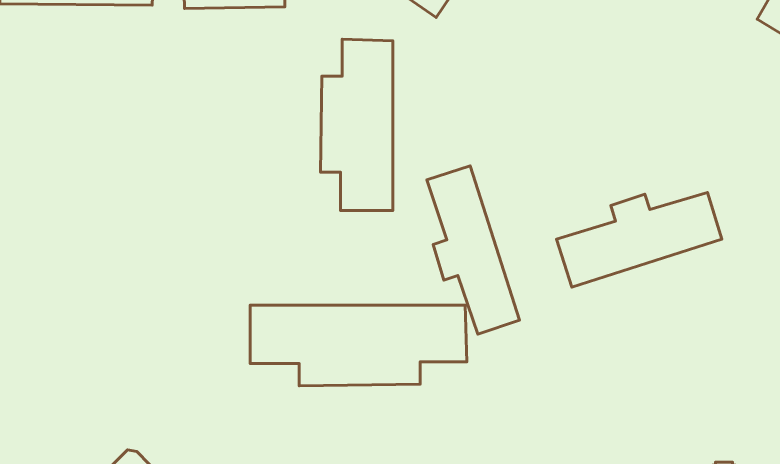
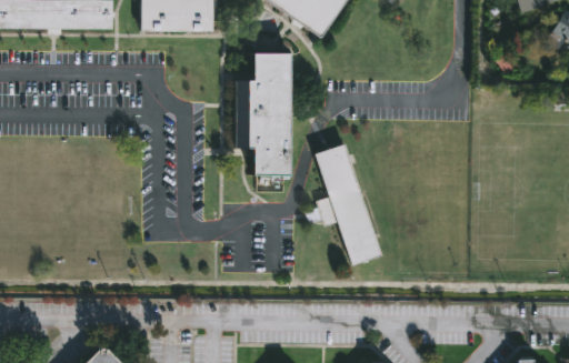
building: [557,193,722,287] -> none
building: [250,305,467,386] -> none

